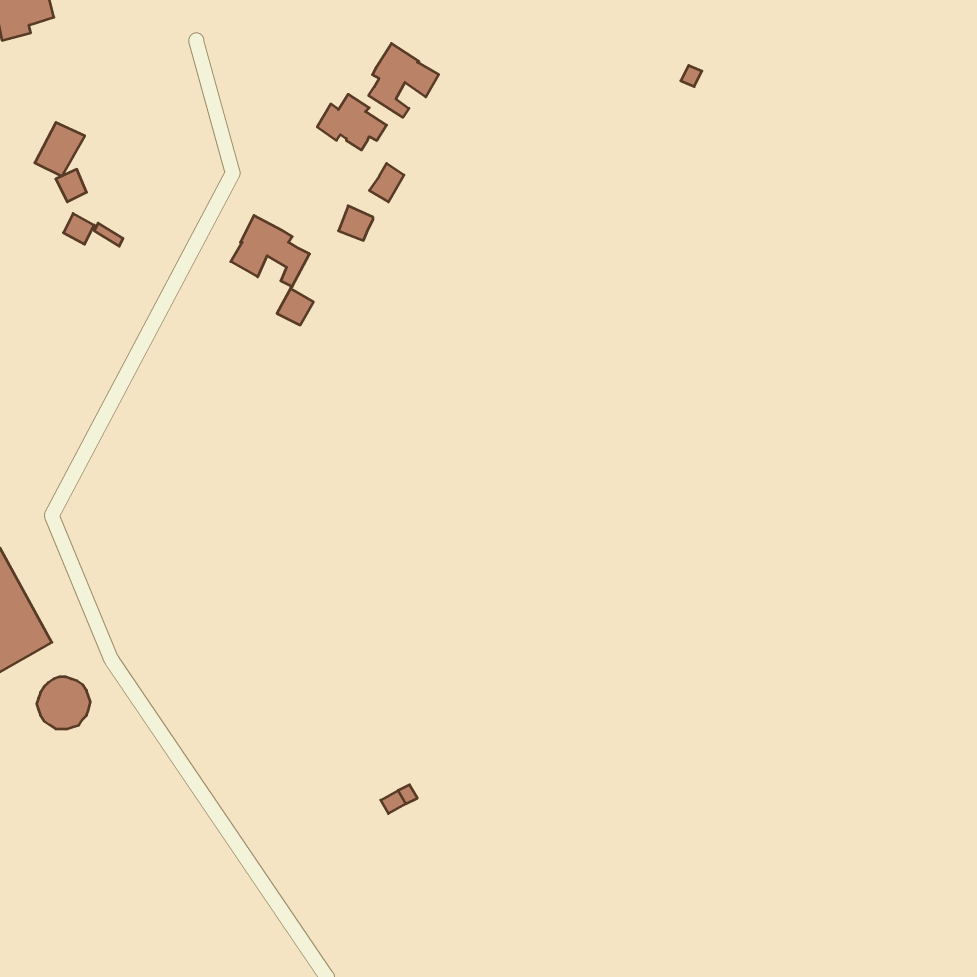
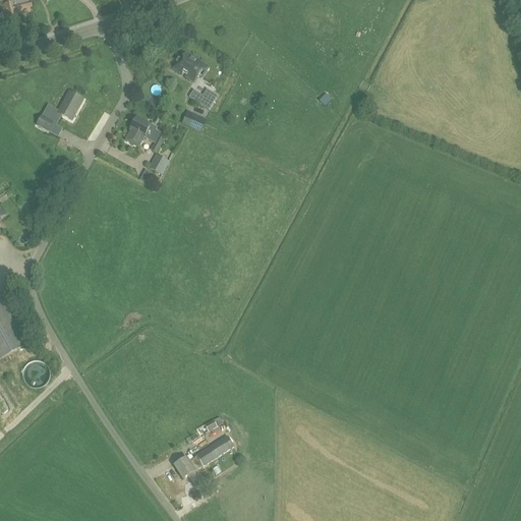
building: [369,43,439,117] -> none
building: [35,122,85,176] -> [55,90,81,118]
building: none -> [172,435,232,485]

